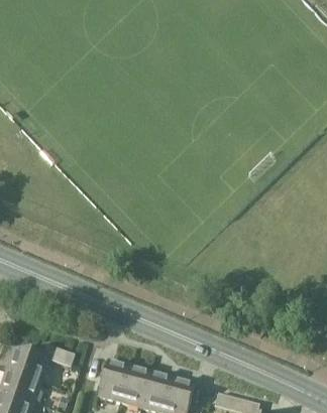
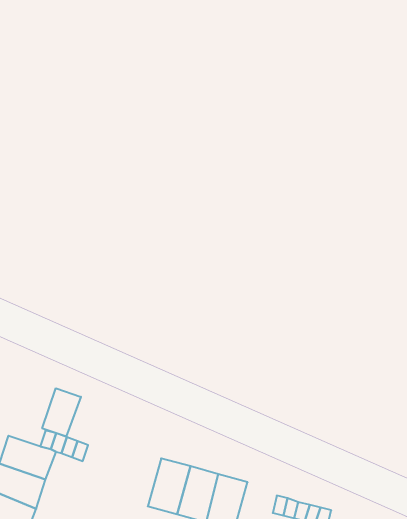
building: none -> [42,388,81,436]
building: [98,359,129,401] -> none

